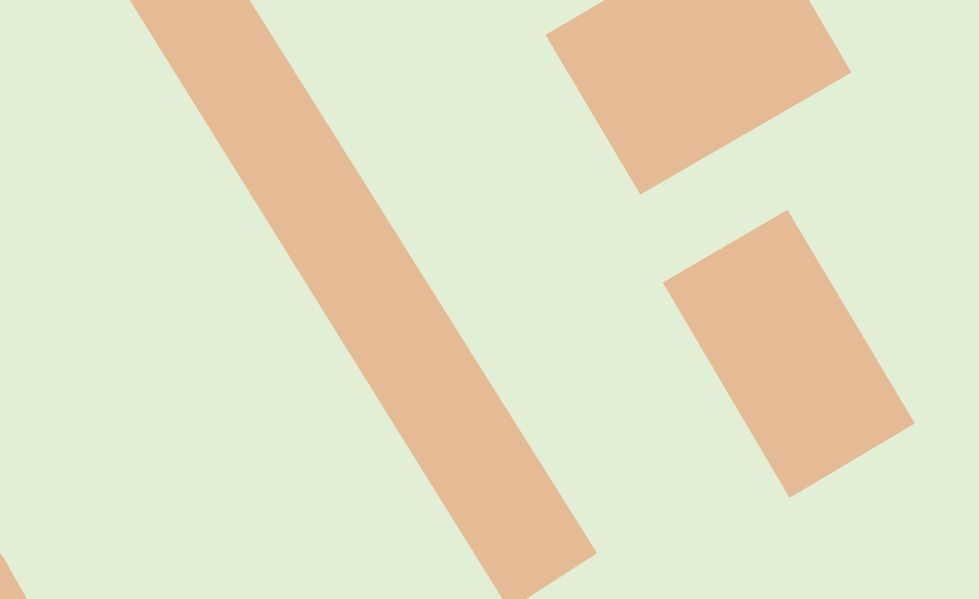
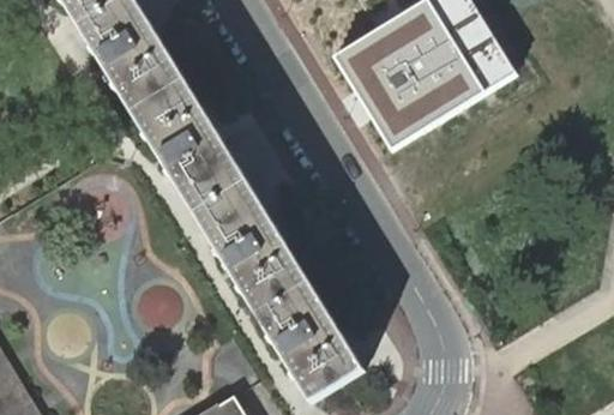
building: [662,209,916,499] -> none

